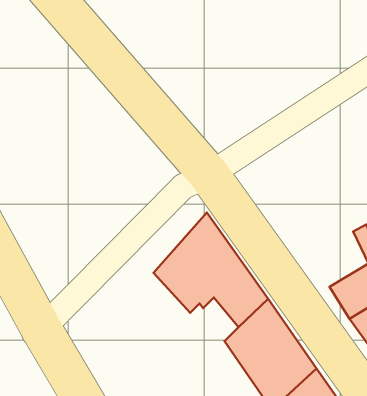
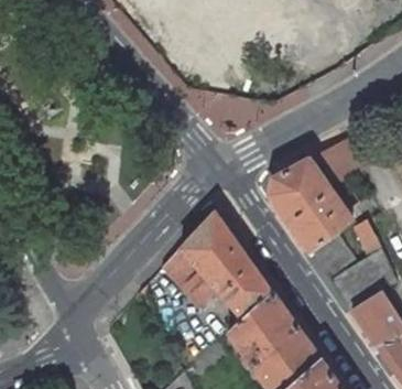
building: none -> [268,139,360,250]
building: none -> [311,236,354,278]

